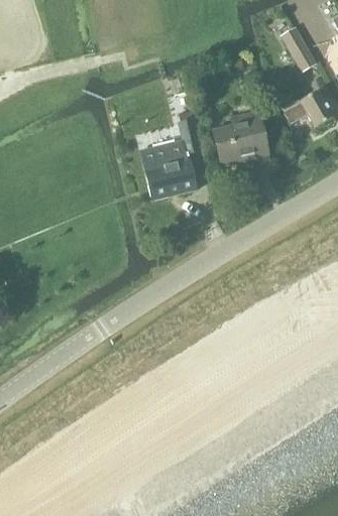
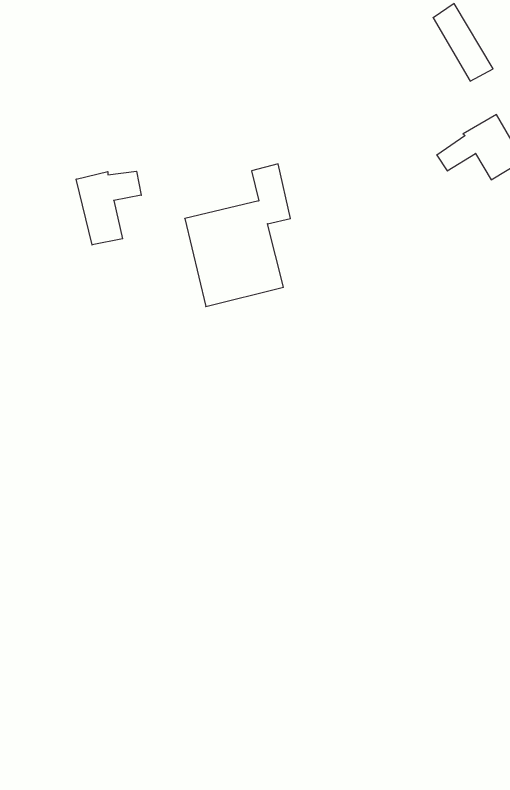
building: [213,110,265,165] -> none
building: none -> [76,171,141,245]

